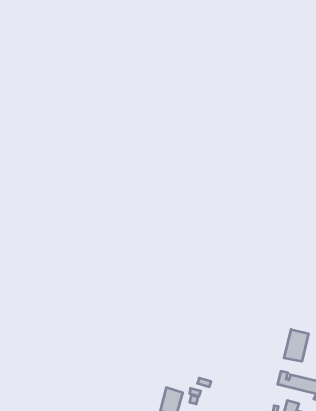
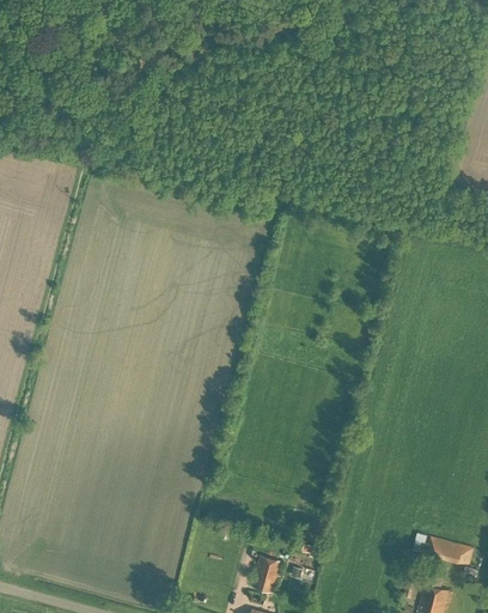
building: [284,329,308,361] -> none

